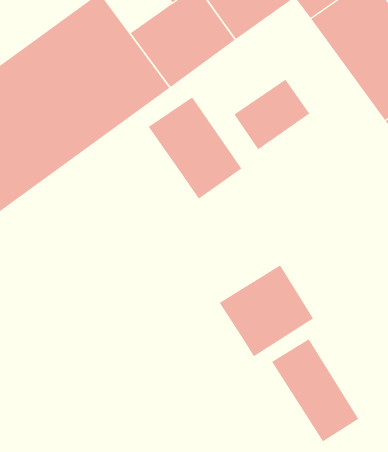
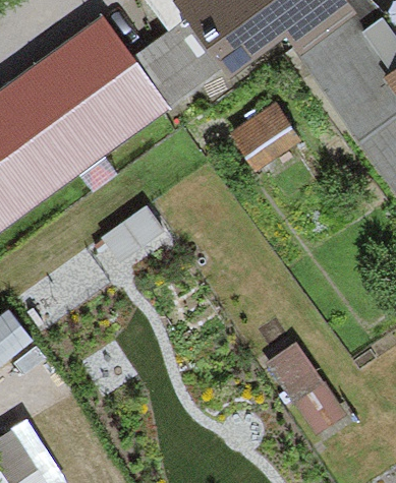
building: [148,96,242,200] -> none
building: [219,264,314,357] -> none

